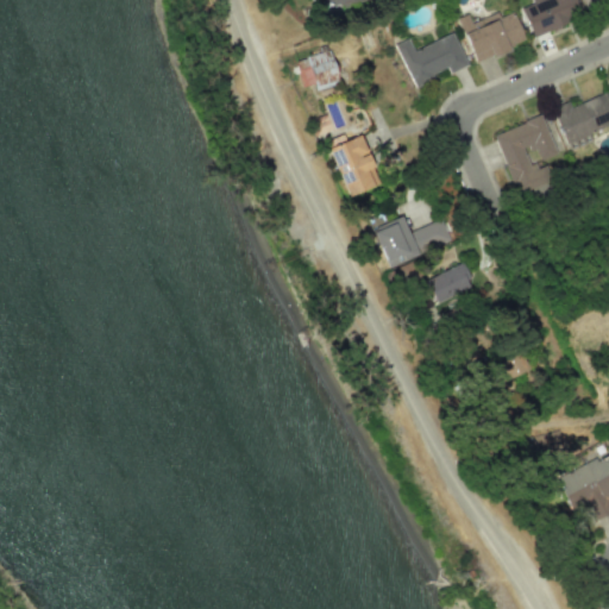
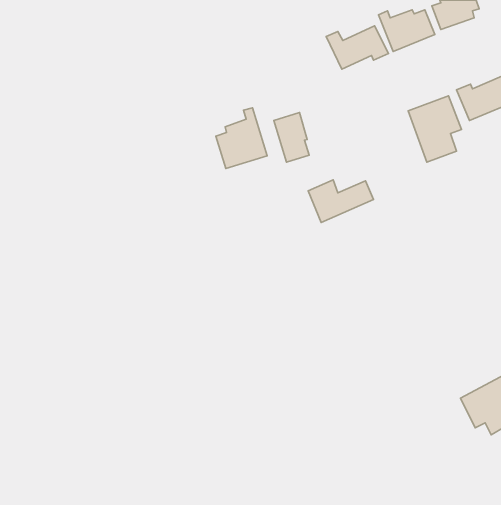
building: [300,51,341,88] -> none
building: none -> [216,108,267,169]
building: [428,262,476,302] -> none

